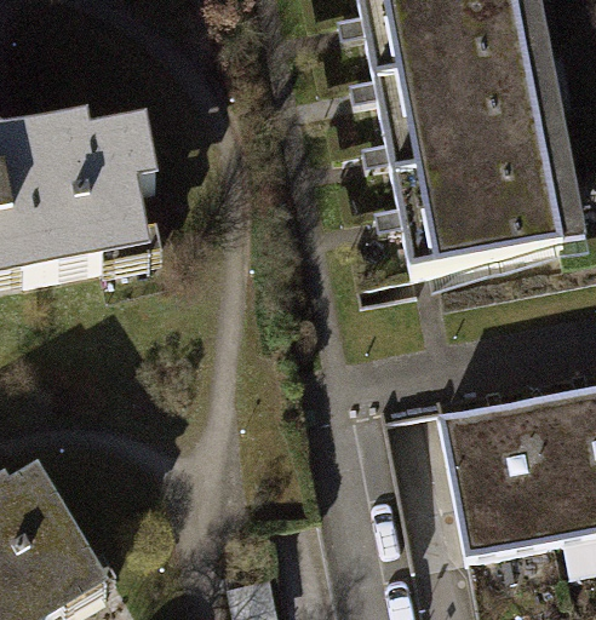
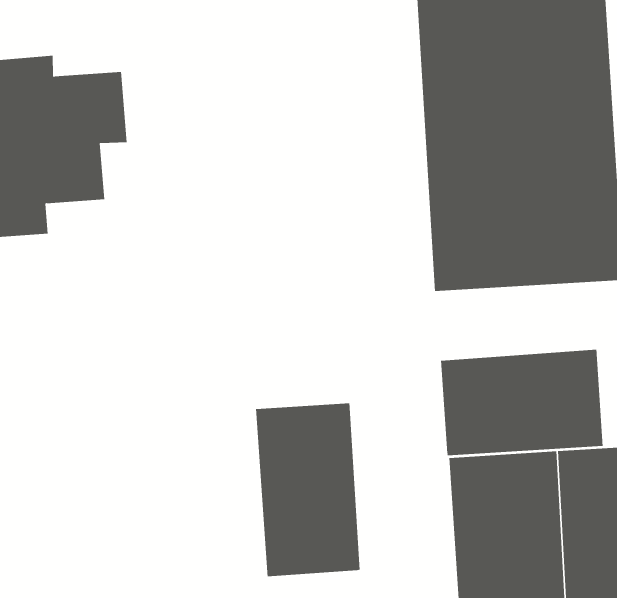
building: none -> [441,349,603,456]
building: none -> [255,402,360,577]

